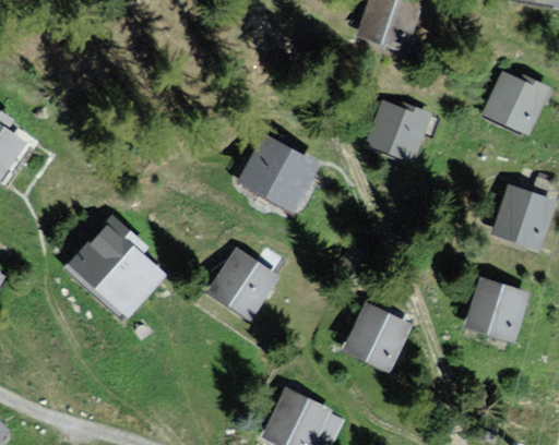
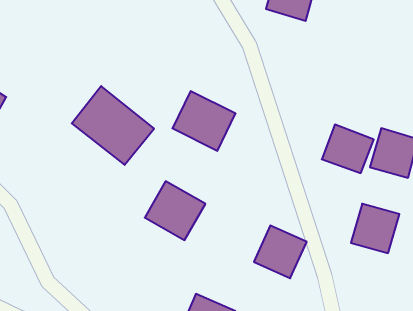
building: [469,69,538,133] -> none
building: [365,100,430,161] -> [322,125,374,173]
building: [68,220,171,320] -> [72,86,154,165]

